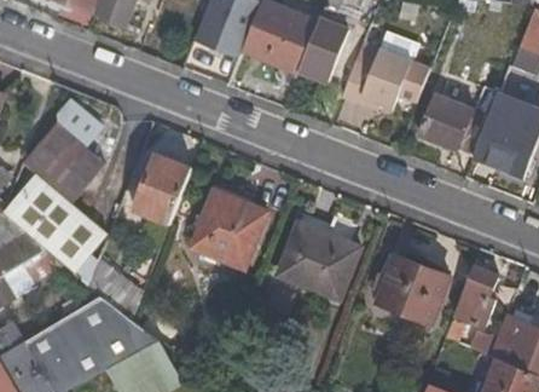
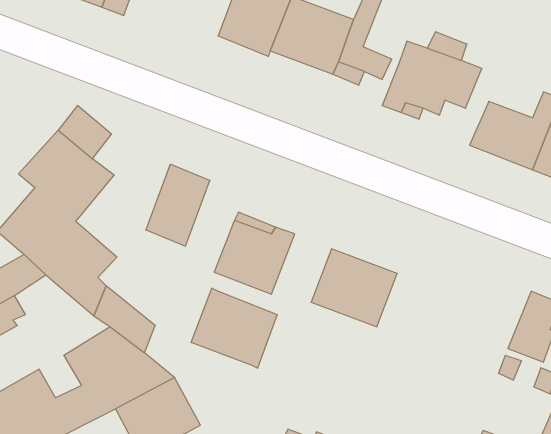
building: [371,255,446,321] -> none
building: none -> [191,288,277,368]

